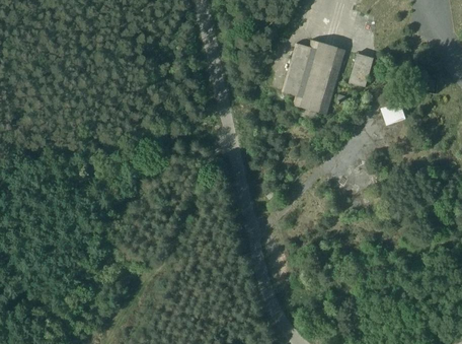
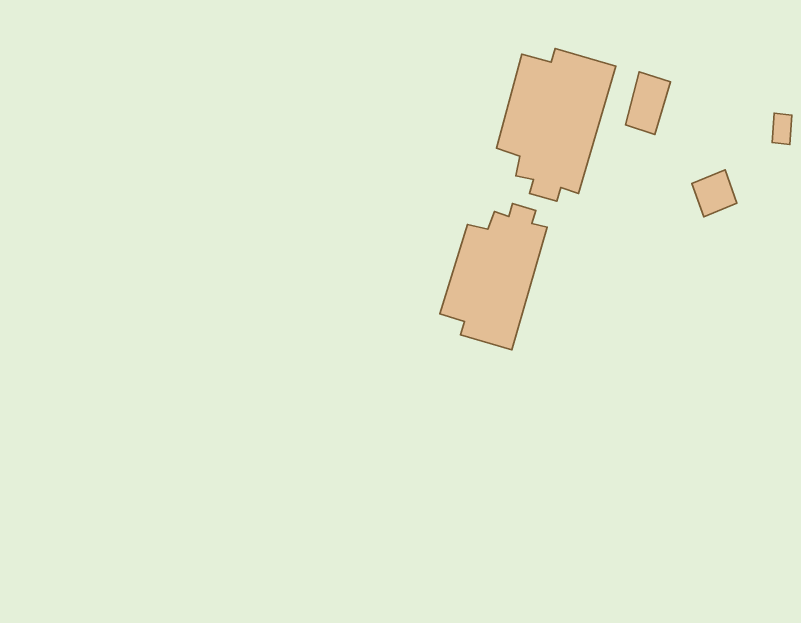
building: none -> [440,204,547,350]

